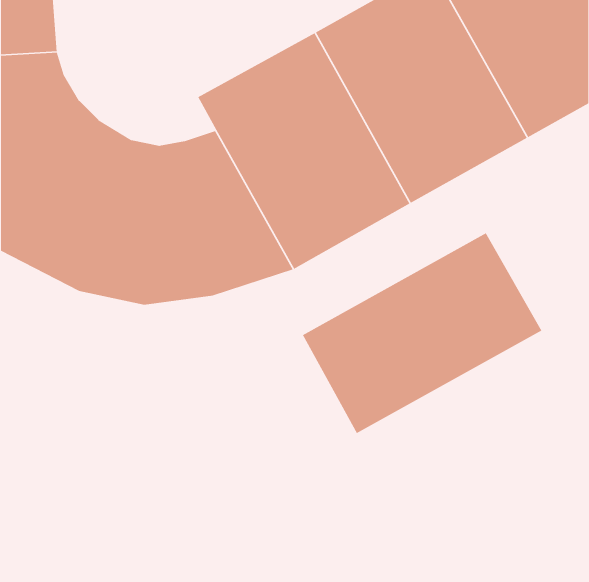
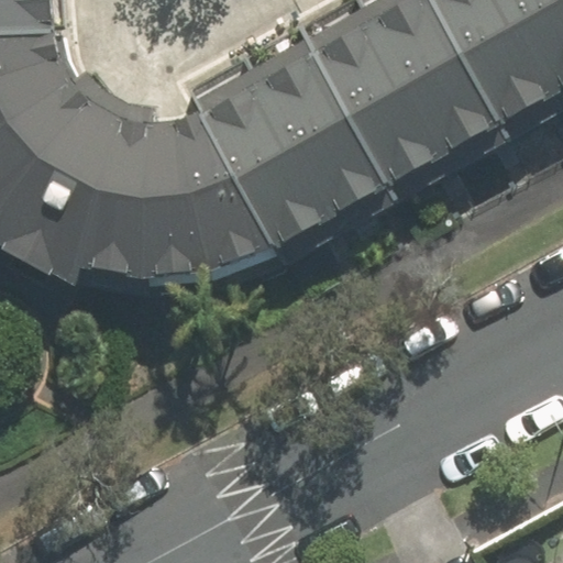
building: [302,232,542,434] -> none

